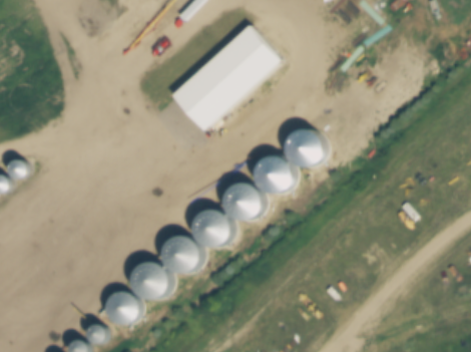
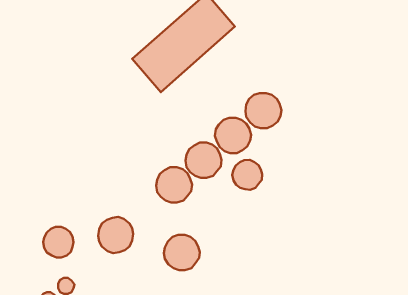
building: none -> [232,160,262,190]
building: [162,236,200,273] -> [164,235,200,270]
building: [106,293,138,325] -> [43,227,74,257]

